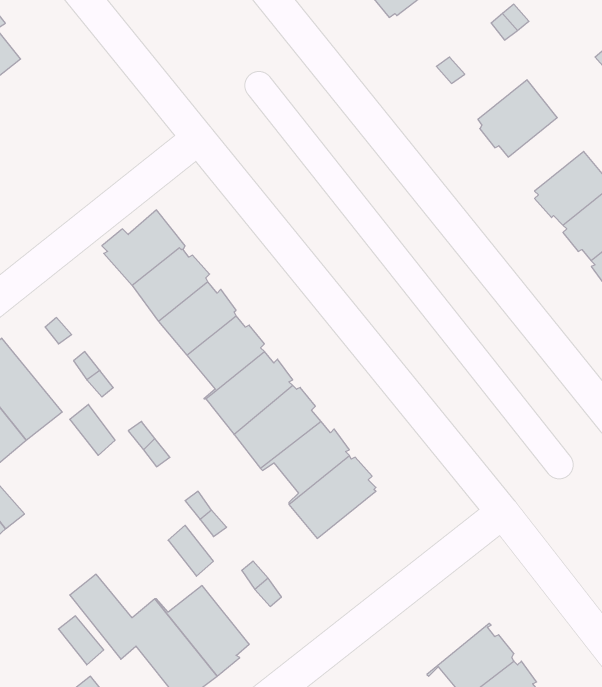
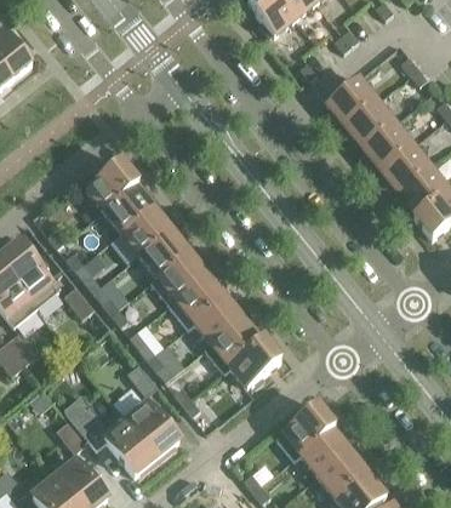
building: none -> [343,101,393,148]
building: none -> [222,337,280,389]
building: none -> [274,404,332,458]

